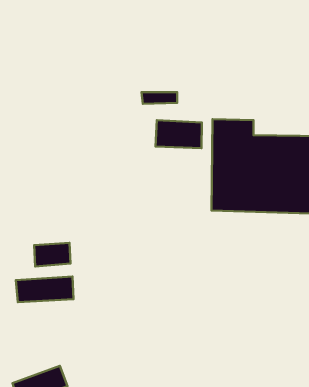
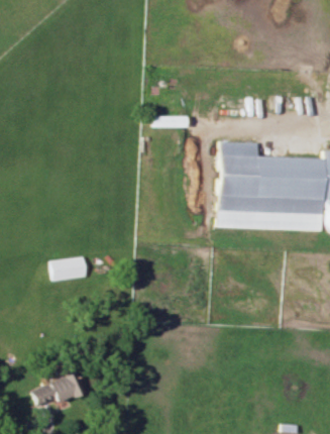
building: [156,120,202,148] -> none
building: [16,277,73,302] -> none

